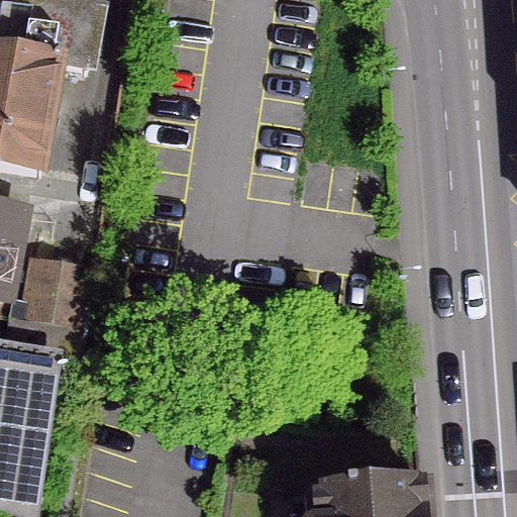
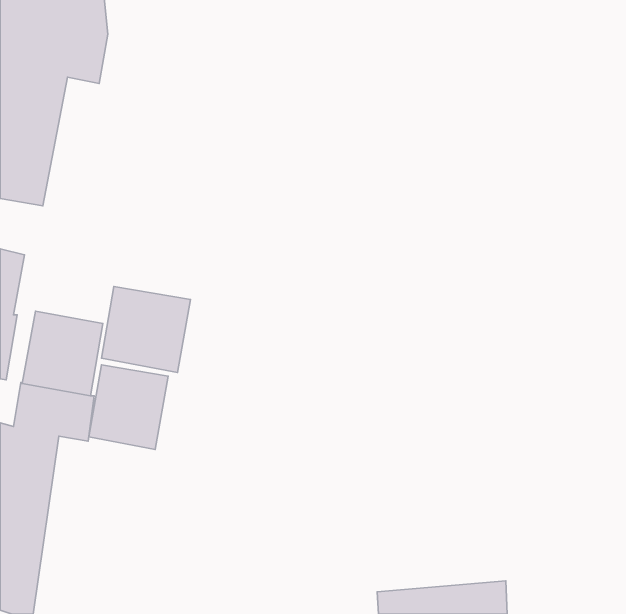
building: none -> [101,286,190,372]
building: none -> [89,365,168,450]

